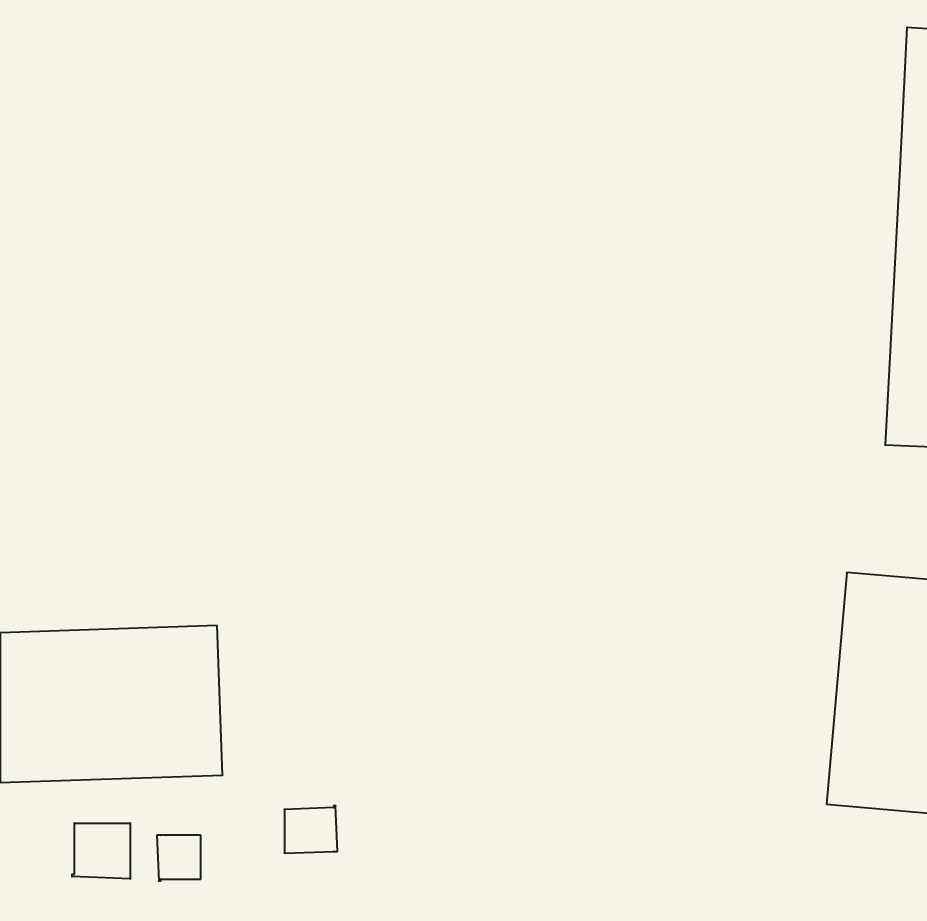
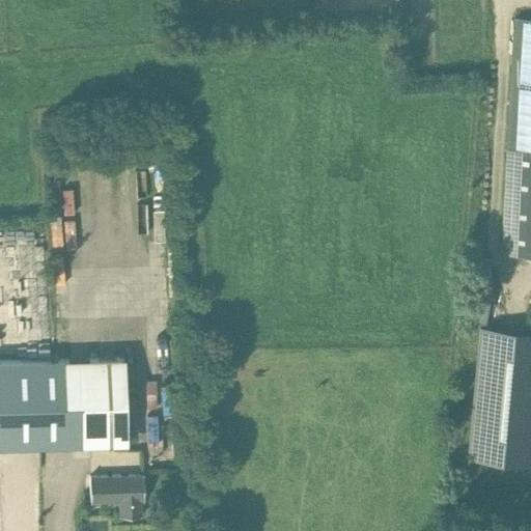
building: [284,806,337,853] -> [117,479,147,506]
building: [72,823,130,879] -> none

